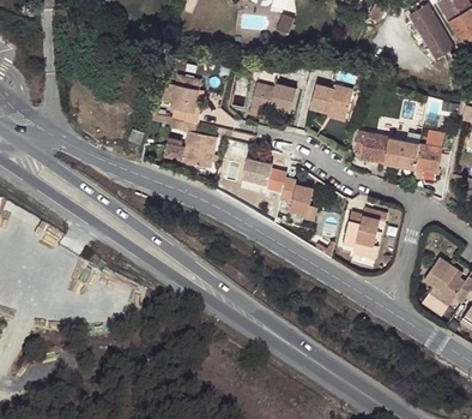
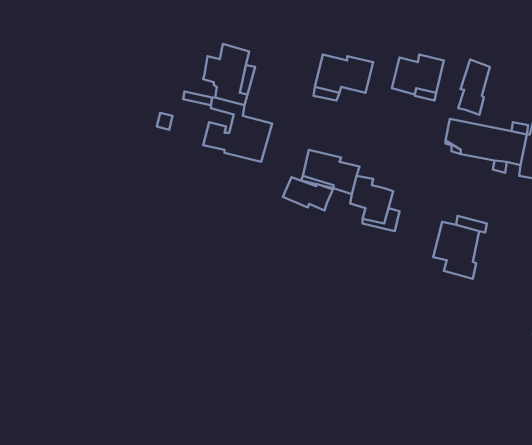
building: none -> [458,60,490,115]
building: none -> [283,177,333,211]

